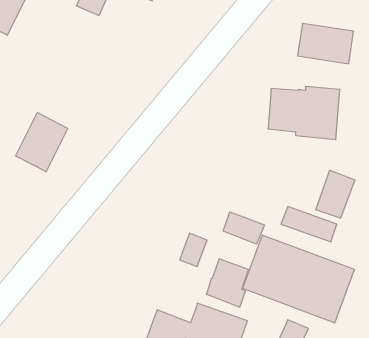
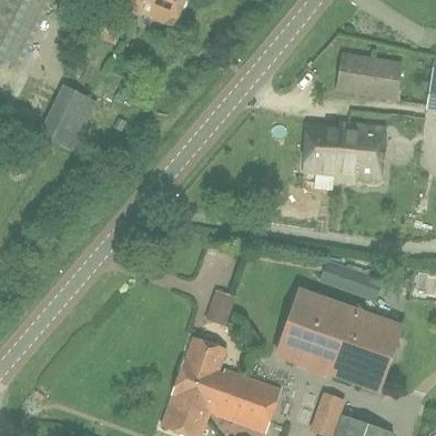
building: [16,113,68,172] -> [39,83,98,150]
building: [316,170,355,218] -> none
building: [223,212,265,244] -> none
building: [206,259,249,307] -> [179,335,226,389]

